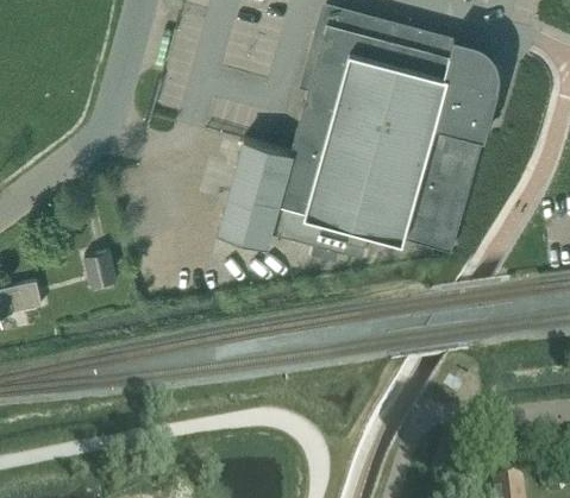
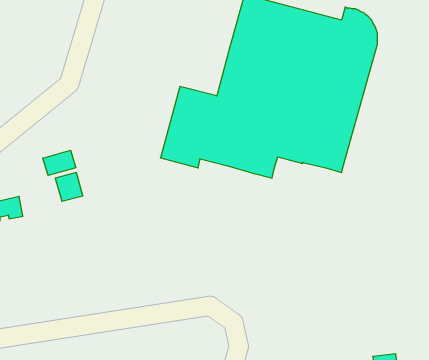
building: none -> [43,150,76,175]

